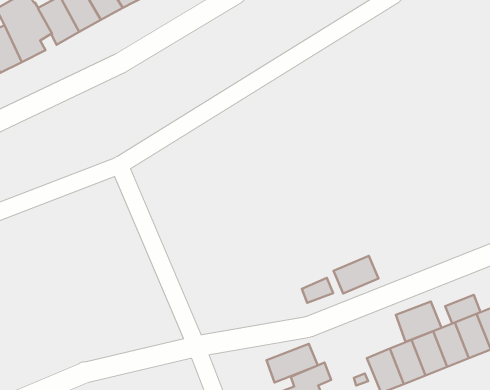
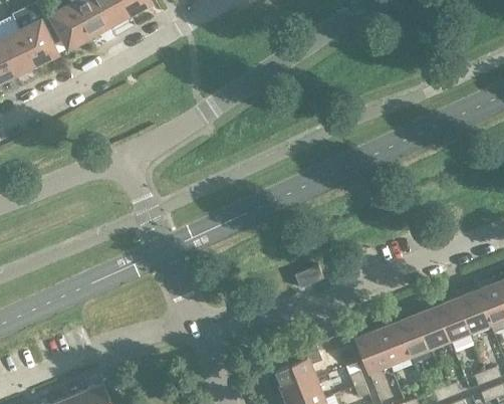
building: [334,256,378,294] -> none
building: [445,295,481,323] -> none
building: [396,302,441,342] -> none
building: [267,344,318,382] -> none

